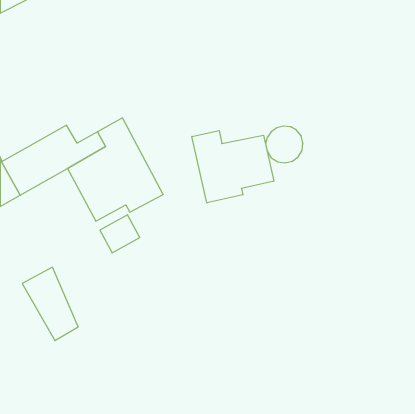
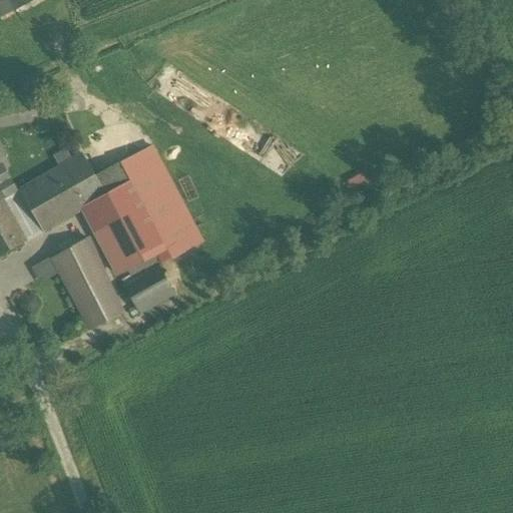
building: [192,131,274,203] -> none
building: [22,267,78,341] -> [51,237,120,328]

